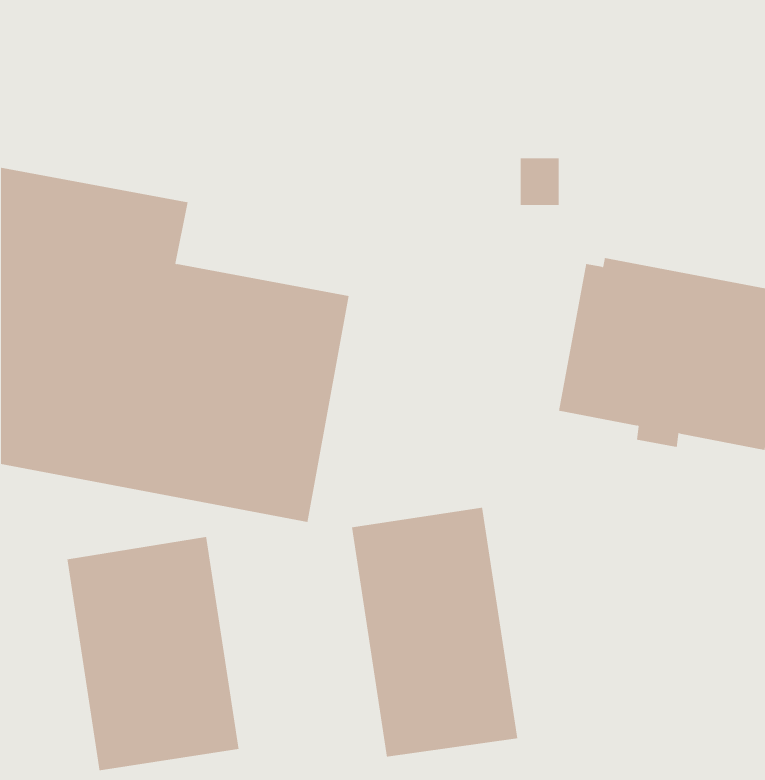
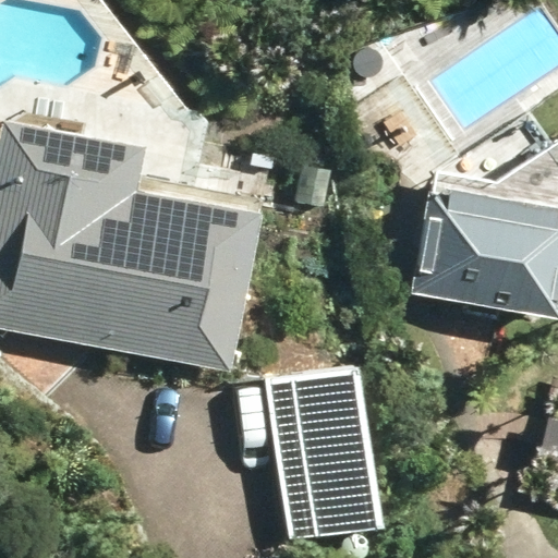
building: [67,536,239,771] -> none

